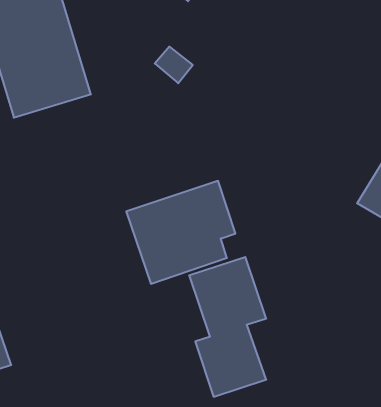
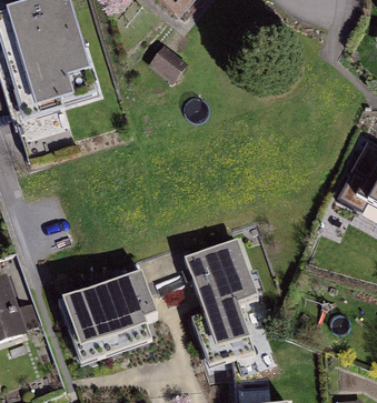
building: [126,181,235,284] -> [59,268,158,361]

